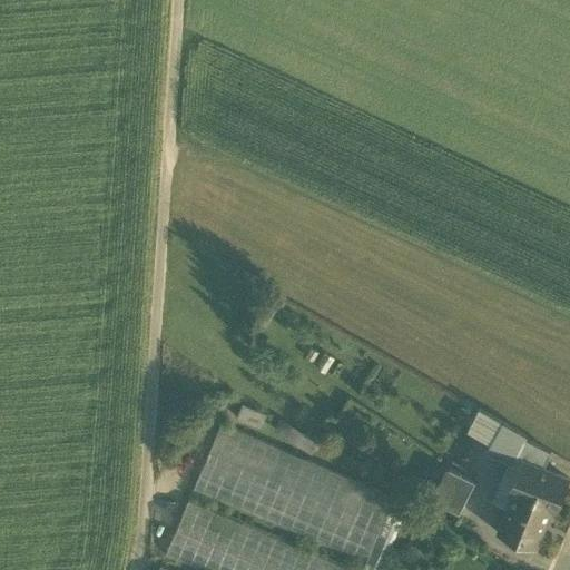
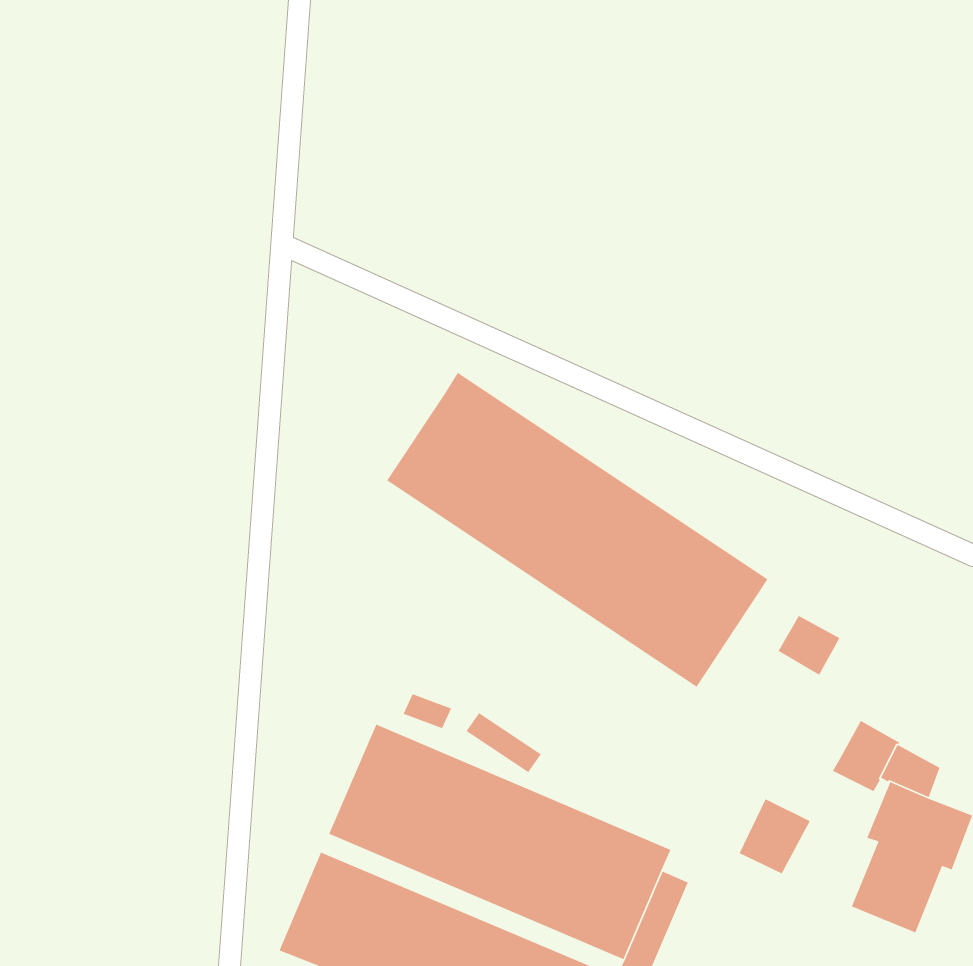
building: none -> [386,372,768,688]
building: [465,412,502,448] -> [777,615,840,676]

